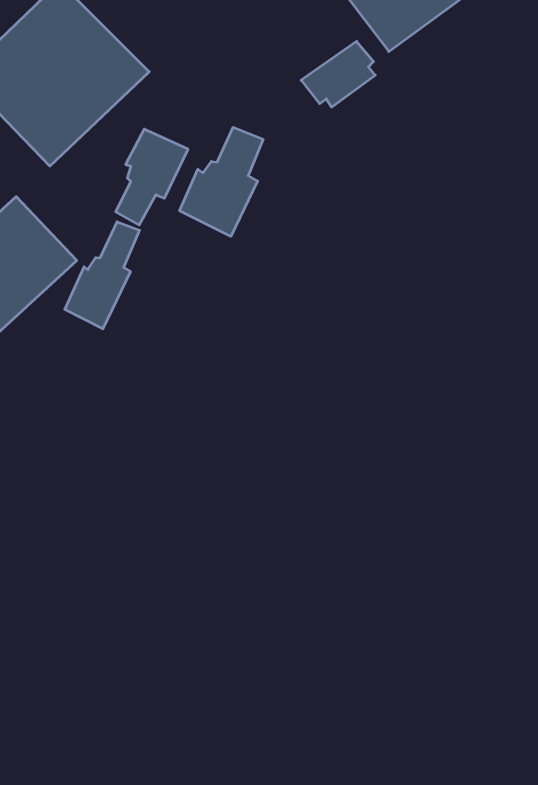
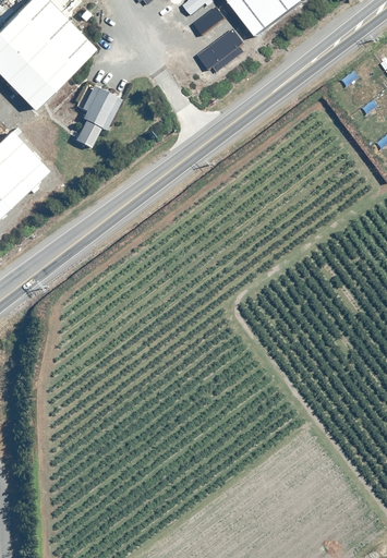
building: [180,127,263,236] -> none
building: [65,222,140,329] -> none

